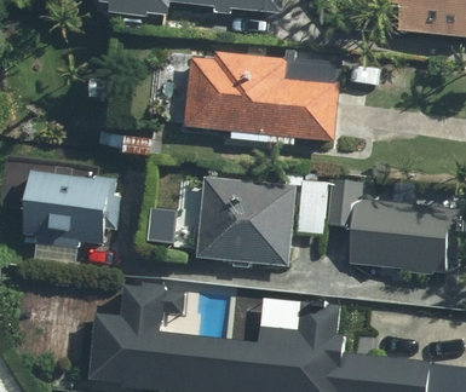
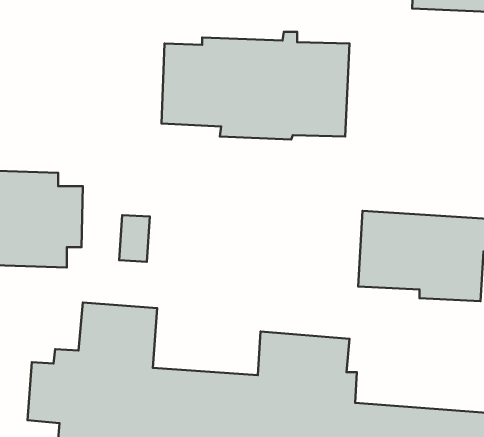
building: [199,175,338,260] -> none

